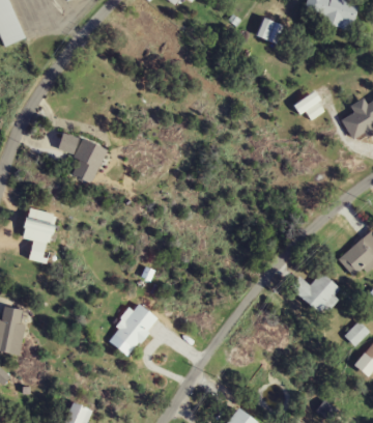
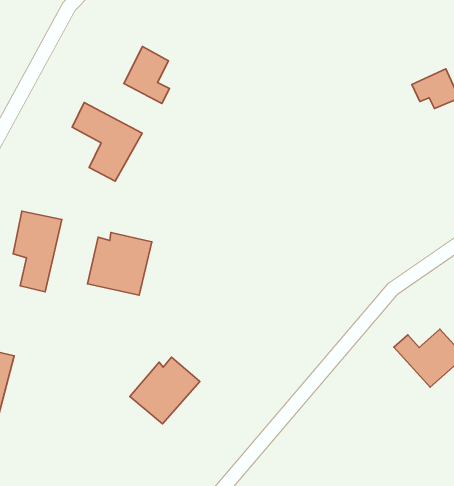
building: none -> [124,47,170,104]
building: none -> [88,232,152,295]

